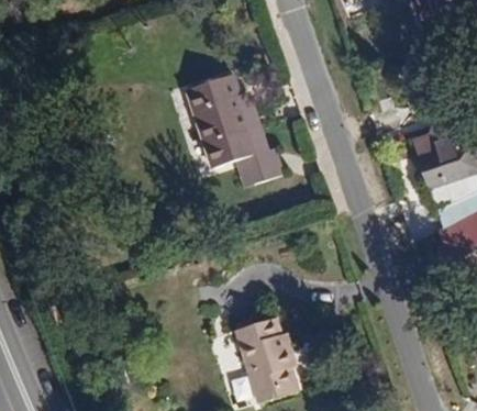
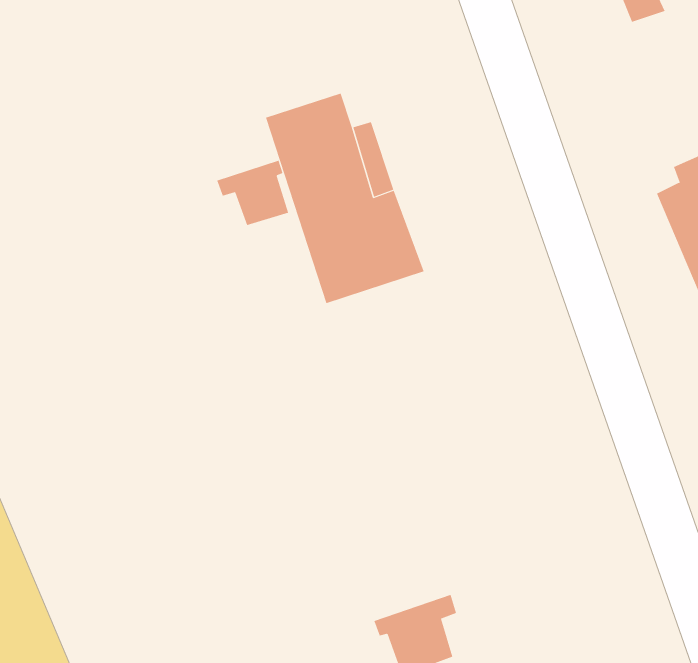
building: none -> [216,160,289,226]
building: [232,320,292,375] -> none

